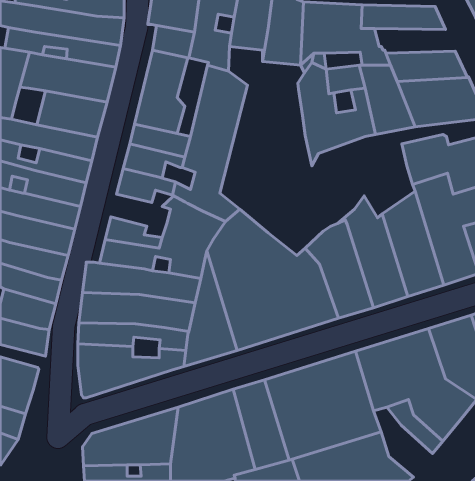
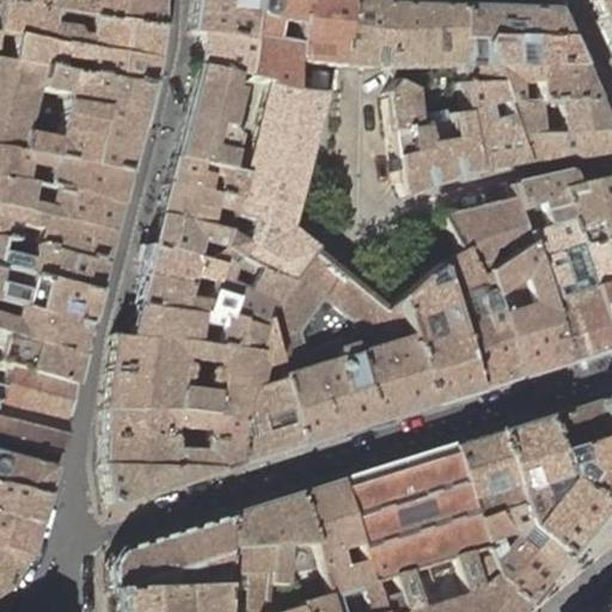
building: none -> [484,36,586,67]
building: none -> [443,182,536,275]
building: none -> [152,245,227,286]
building: none -> [483,514,557,602]

